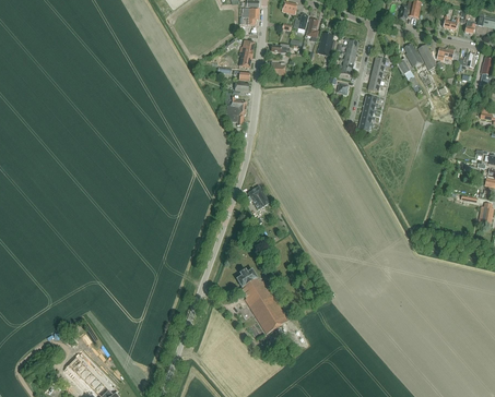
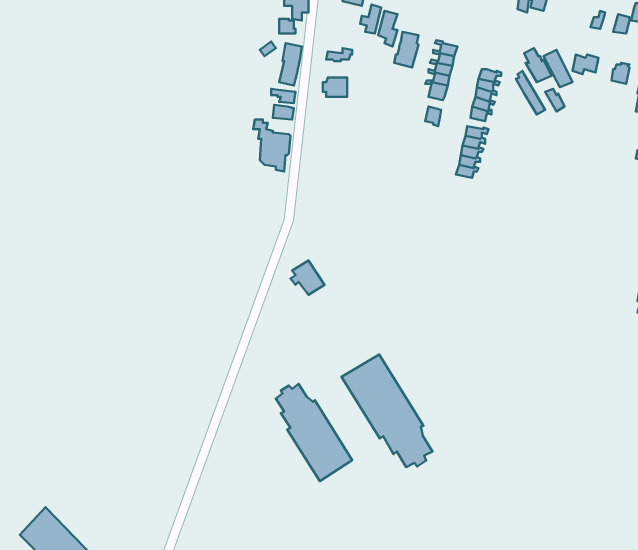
building: none -> [342,354,432,467]

